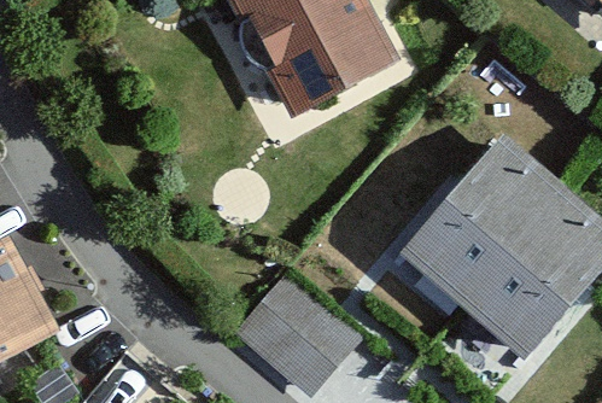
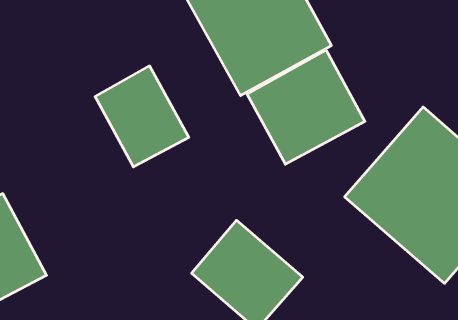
building: none -> [247,50,365,164]
building: none -> [95,66,189,167]

